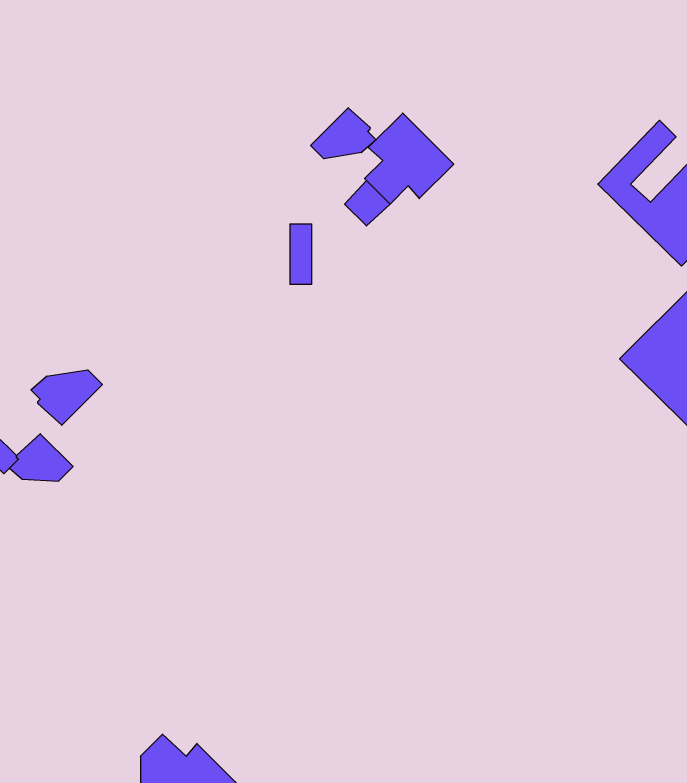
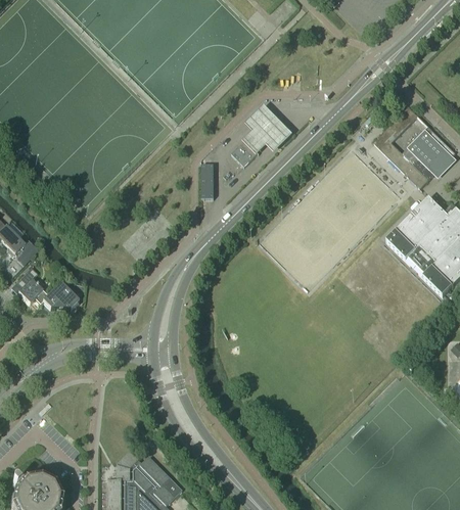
building: [311,108,376,159] -> none
building: [31,370,102,425] -> none

